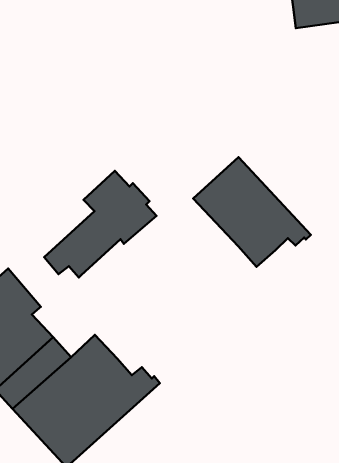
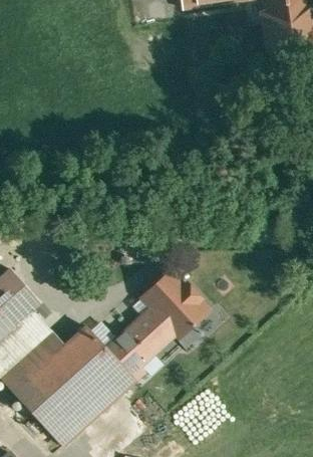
building: [193,157,311,267] -> none
building: [44,171,156,277] -> [108,271,209,367]

